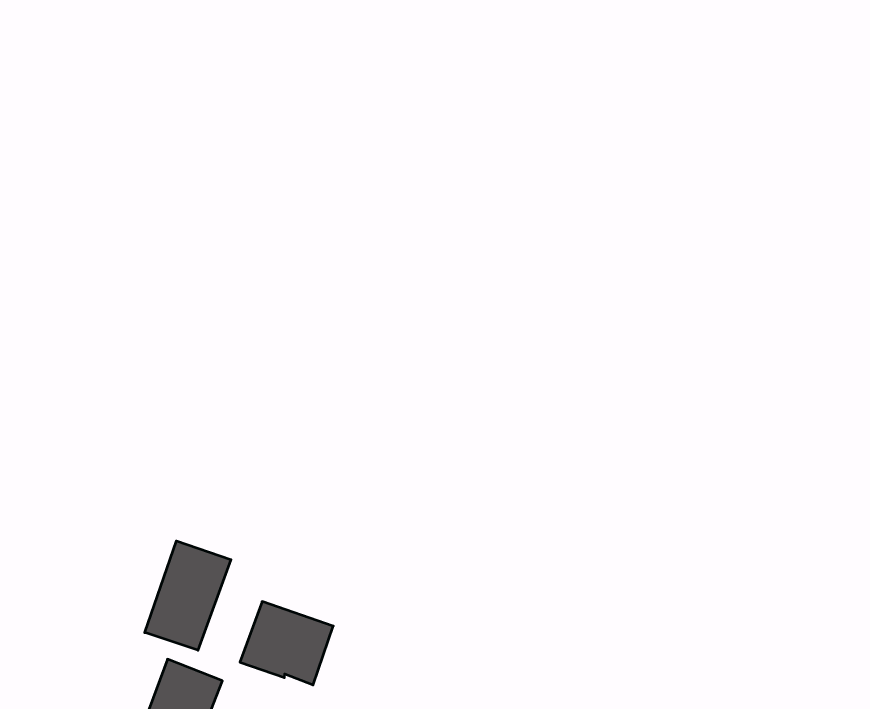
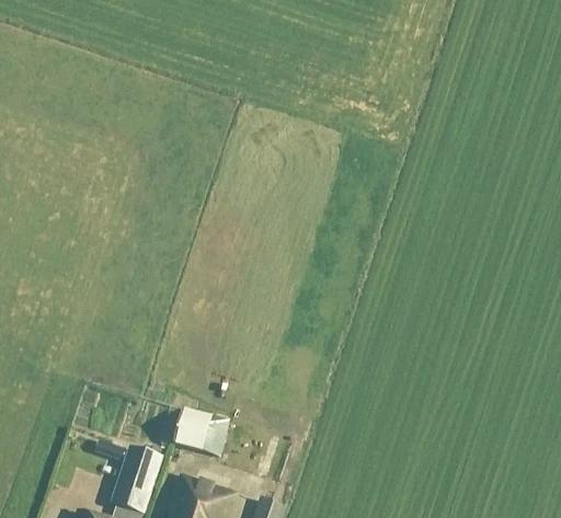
building: [145,541,231,650] -> none

